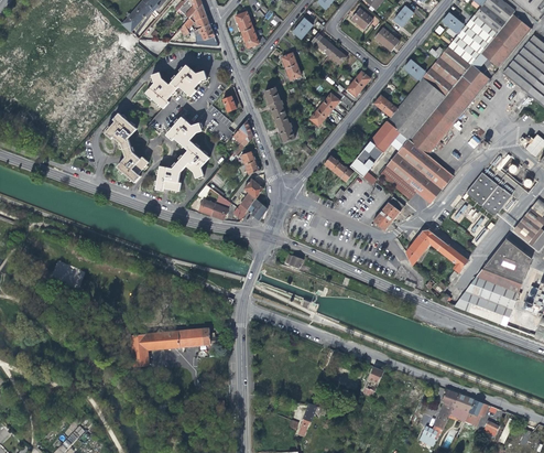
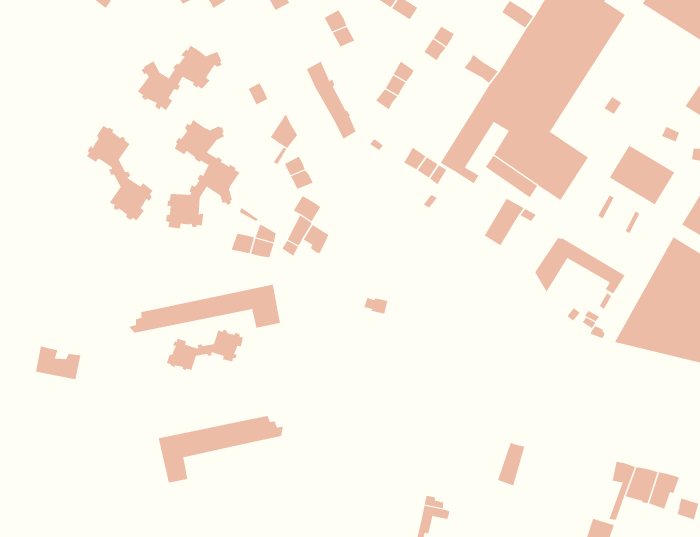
building: none -> [128,284,280,333]
building: none -> [166,329,244,371]

